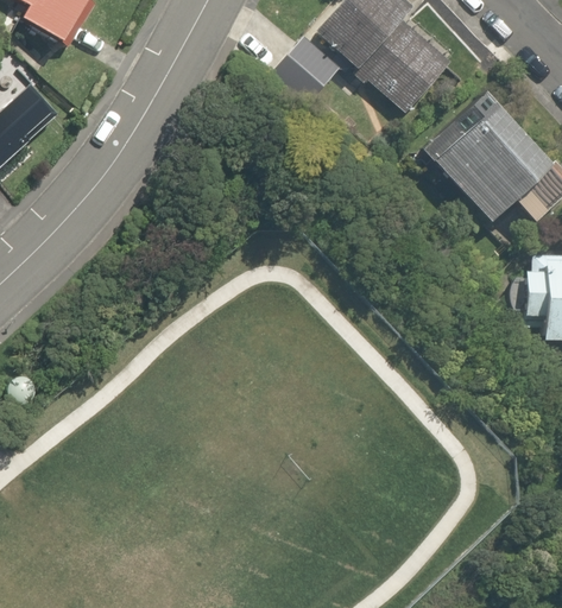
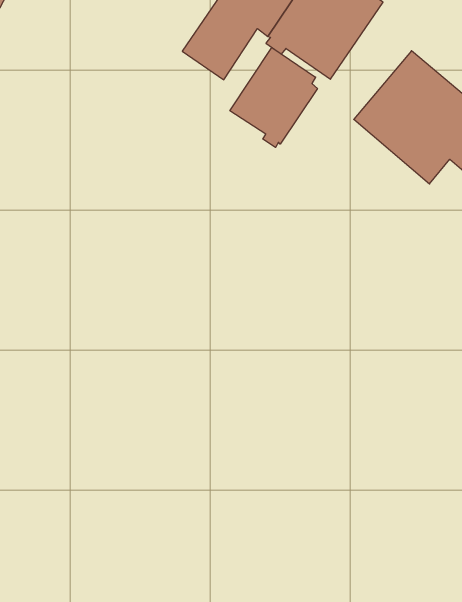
building: none -> [230,47,317,147]

